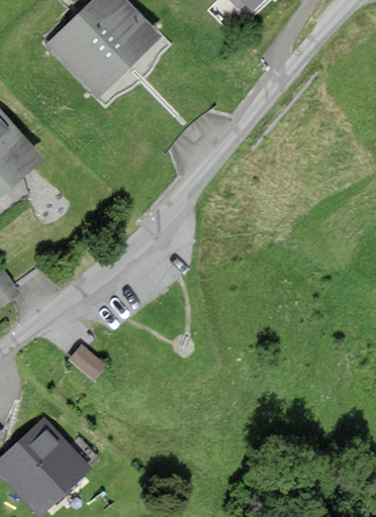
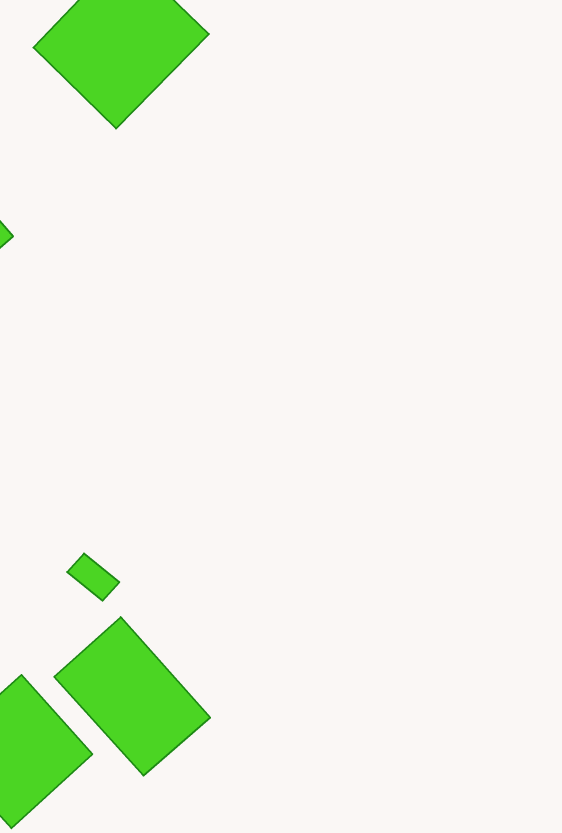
building: none -> [54,617,210,776]

